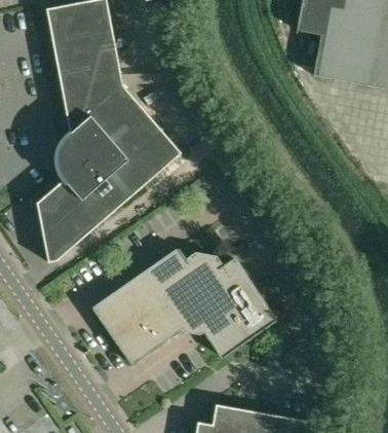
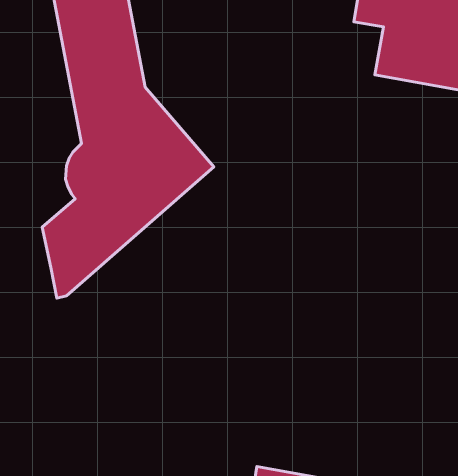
building: [93,249,274,361] -> none

